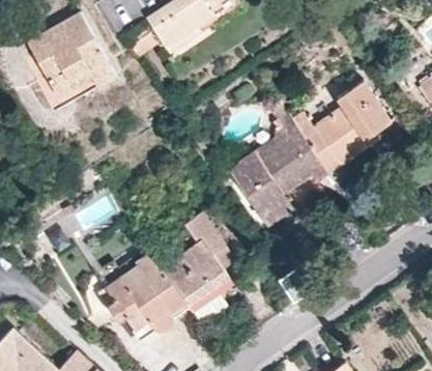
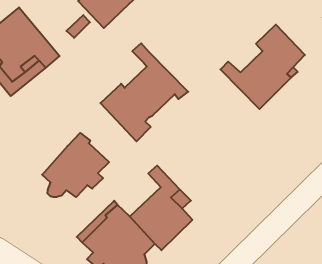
building: [228,110,328,219] -> [100,43,188,141]
building: none -> [42,133,109,197]

